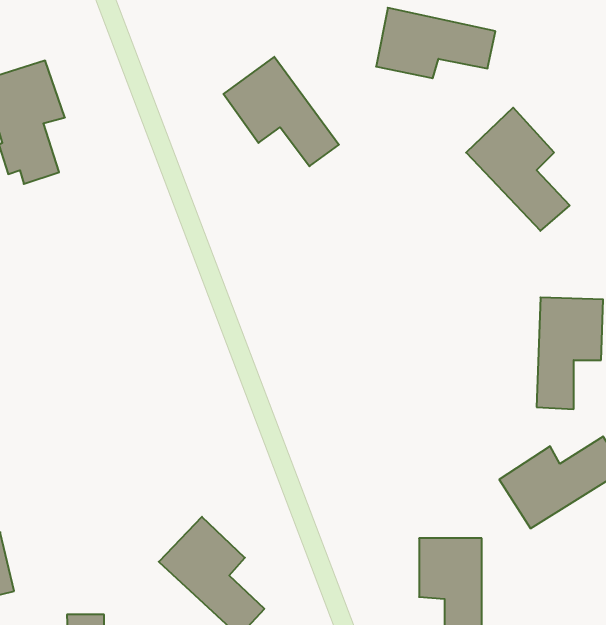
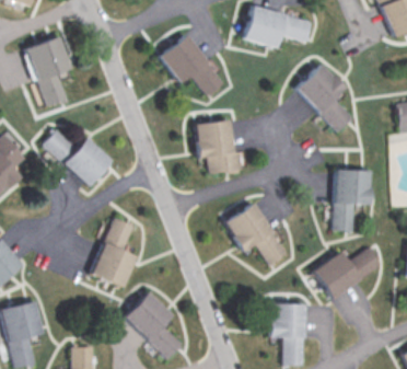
building: none -> [194,119,247,172]
building: none -> [42,129,111,186]
building: none -> [223,203,286,264]
building: none -> [91,217,135,287]

